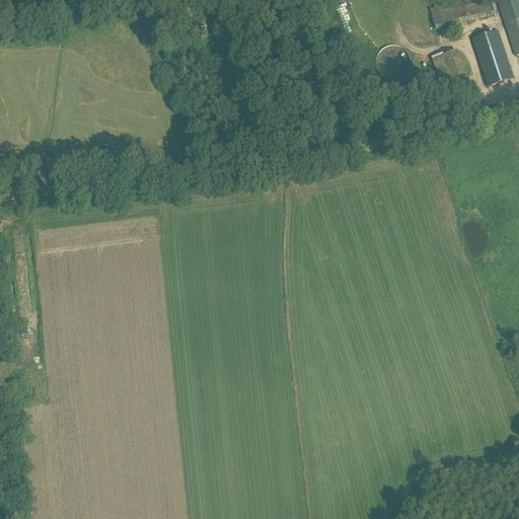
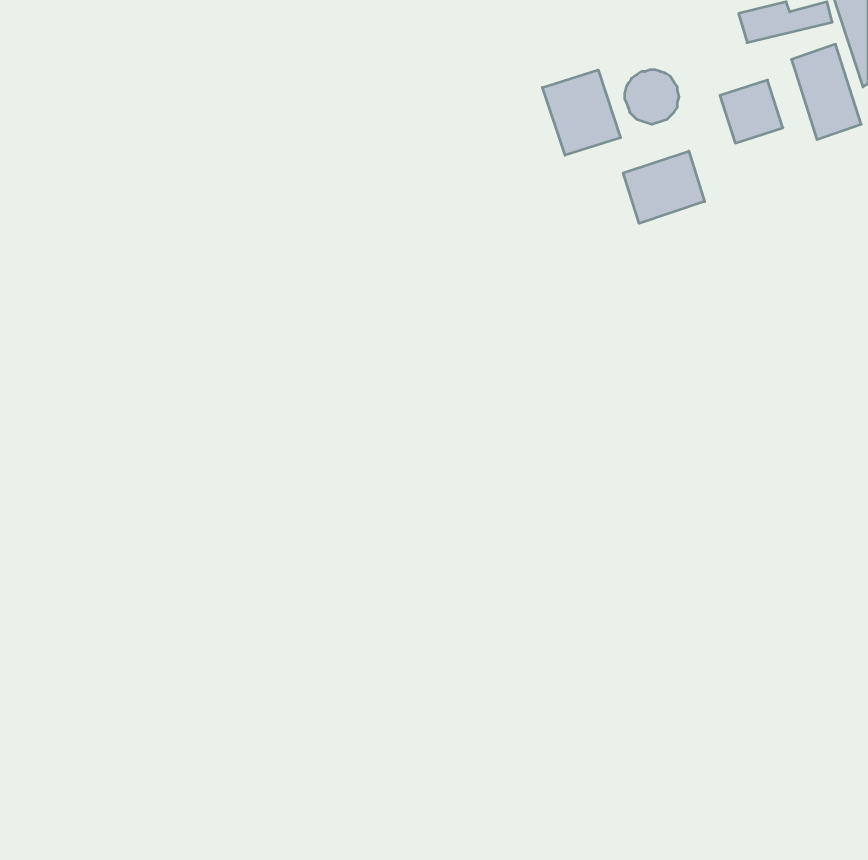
building: none -> [542,70,621,155]
building: none -> [623,151,705,223]

